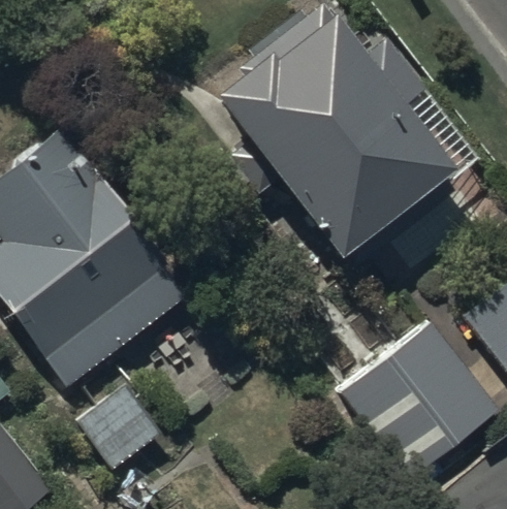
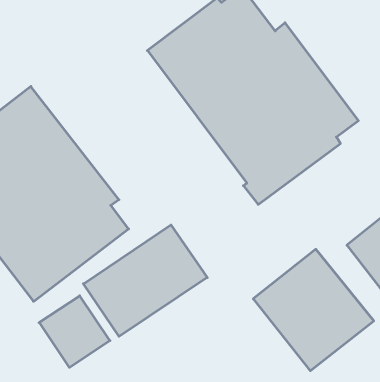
building: none -> [83,225,207,336]

